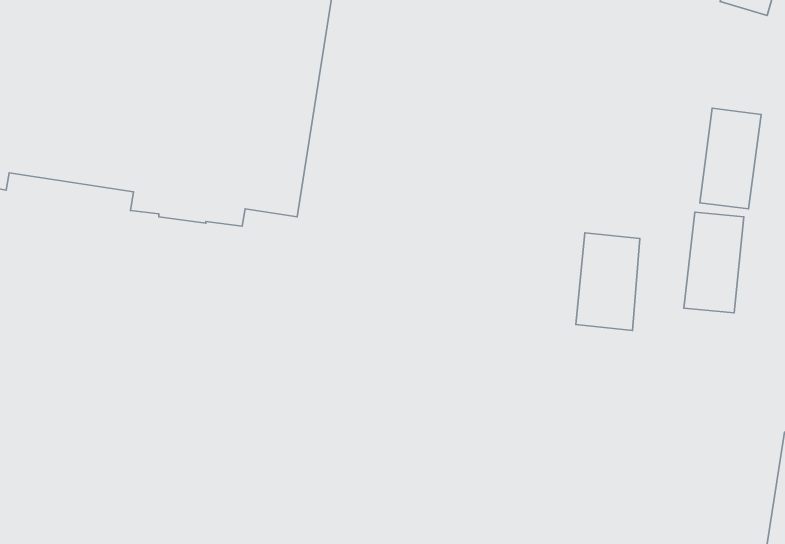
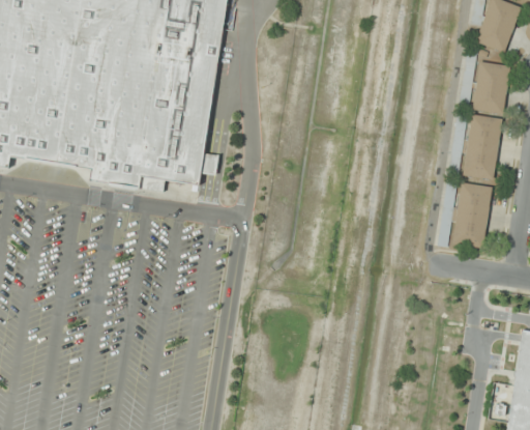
building: none -> [473,61,510,114]
building: [576,233,640,330] -> none

